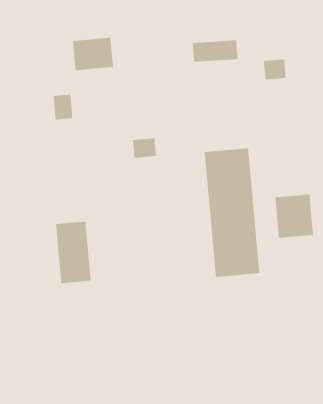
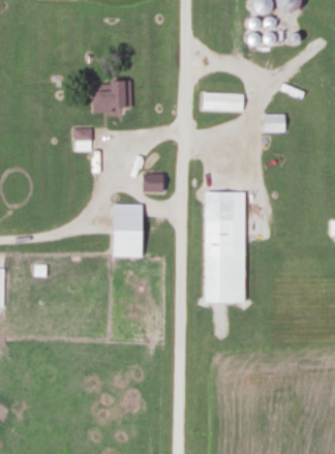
building: [275,194,314,239] -> none
building: [55,221,92,284] -> [114,204,142,258]

